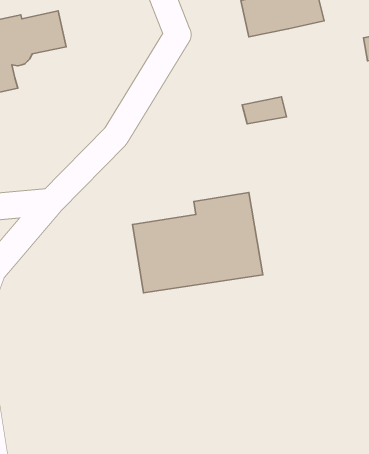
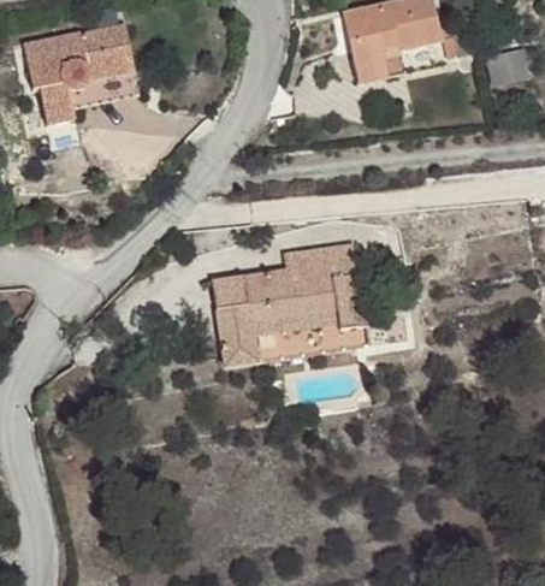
building: none -> [67,69,138,106]
building: [242,97,286,124] -> [351,47,404,79]

